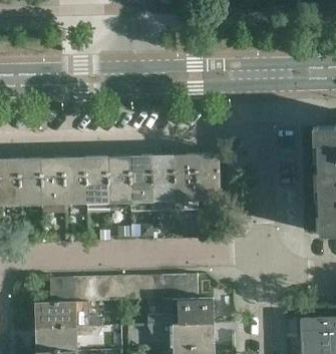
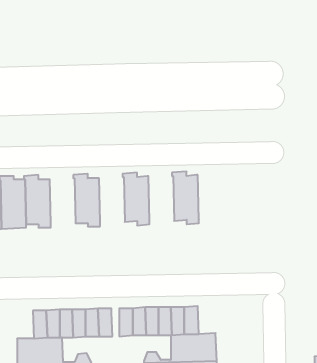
building: [196,154,220,201] -> none
building: [151,155,176,202] -> none
building: [107,156,131,203] -> none
building: [63,157,87,204] -> none

